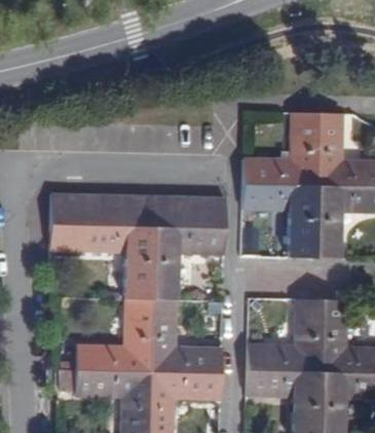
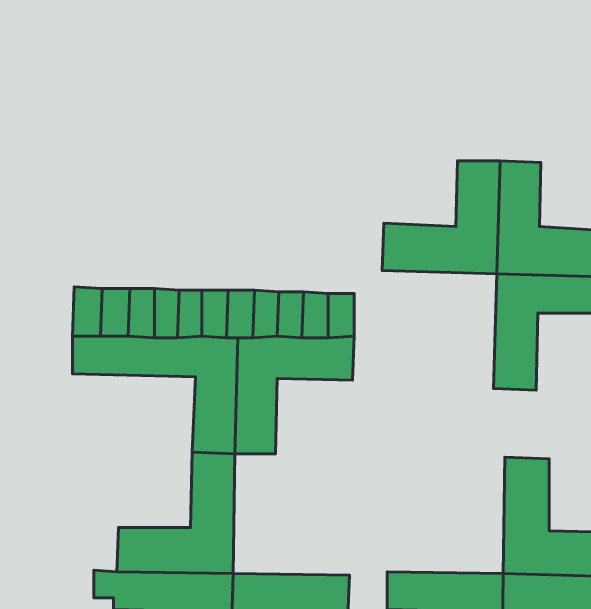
building: [242,184,314,258] -> none
building: [149,299,222,375] -> none
building: [246,300,320,374] -> none

